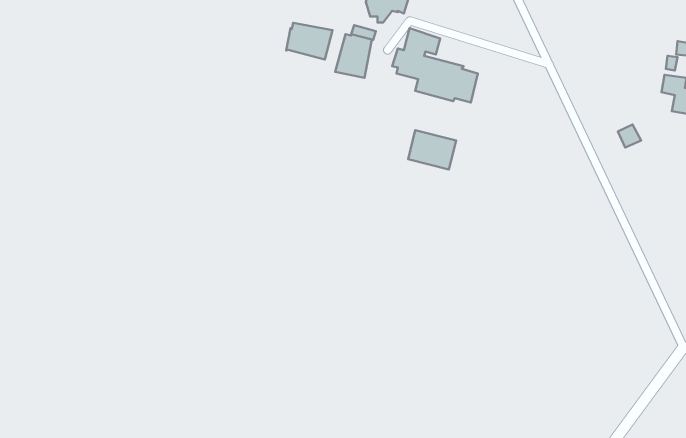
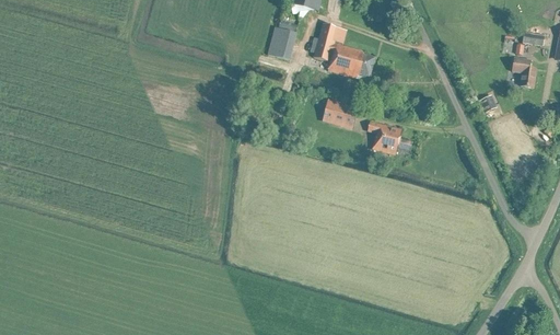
building: [286,23,332,60] -> none
building: none -> [368,123,411,154]

